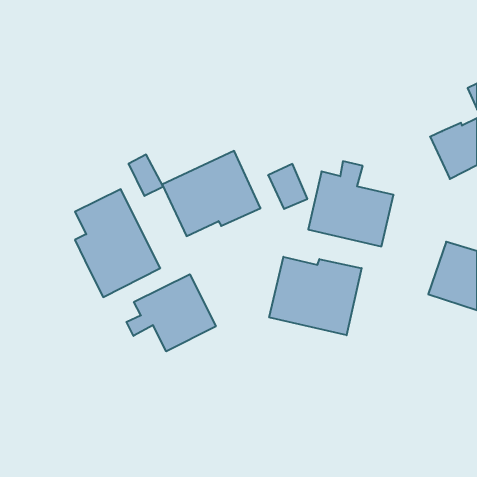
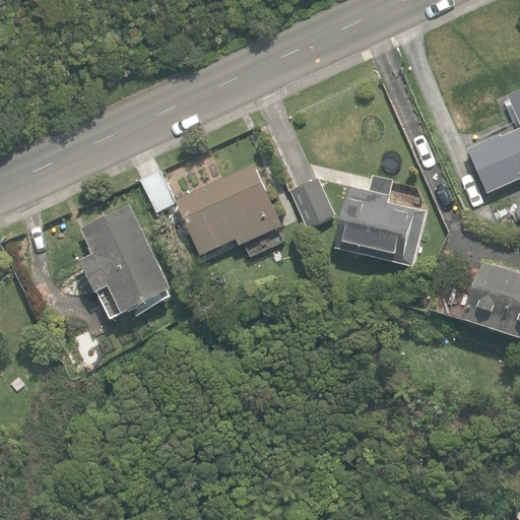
building: [269,257,362,335] -> none
building: [126,274,216,351] -> none

